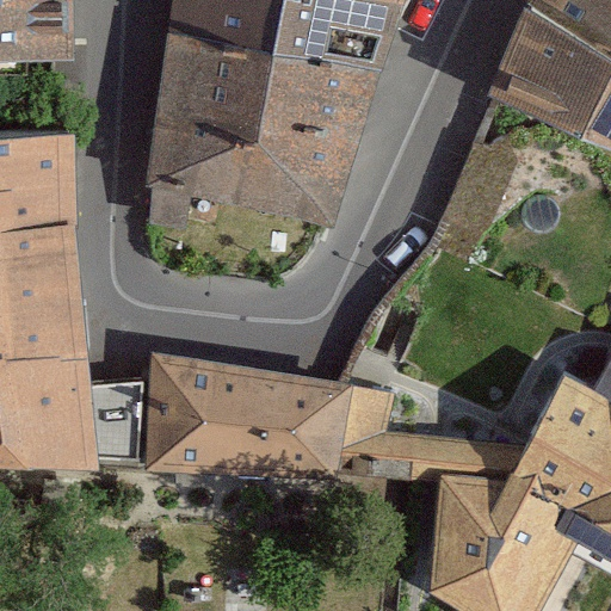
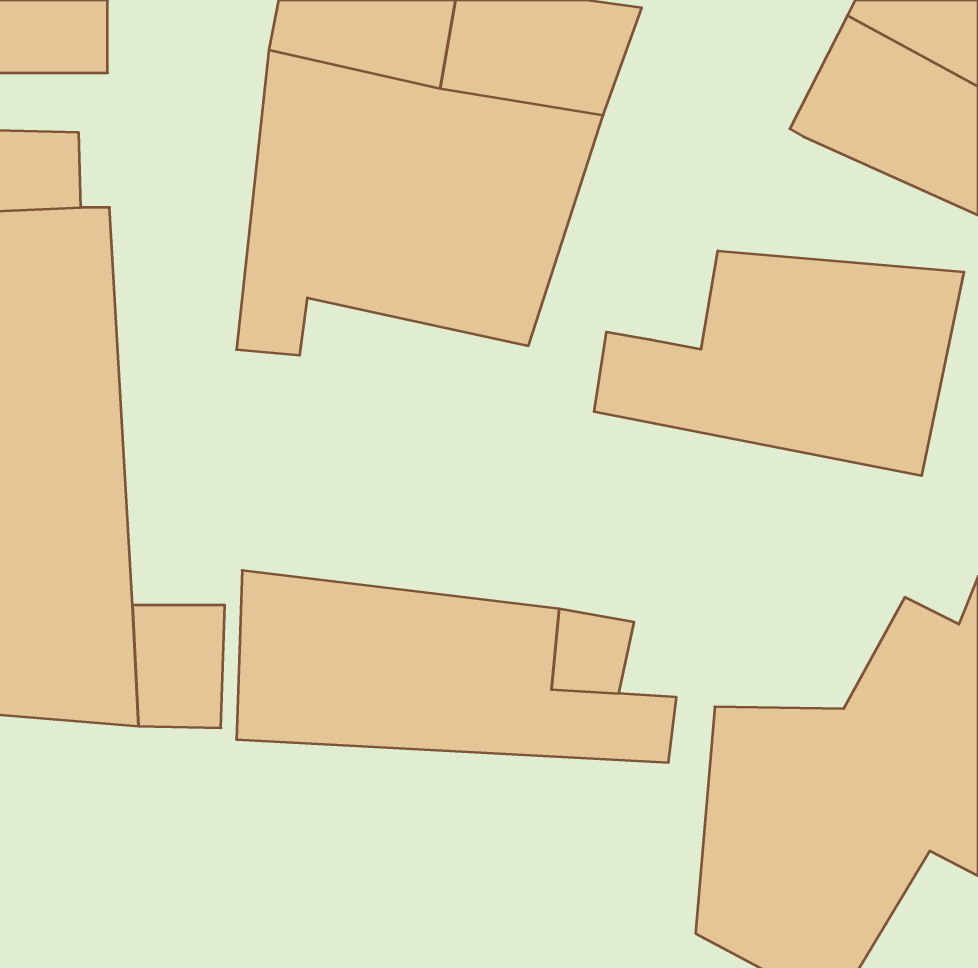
building: none -> [594,251,964,476]

